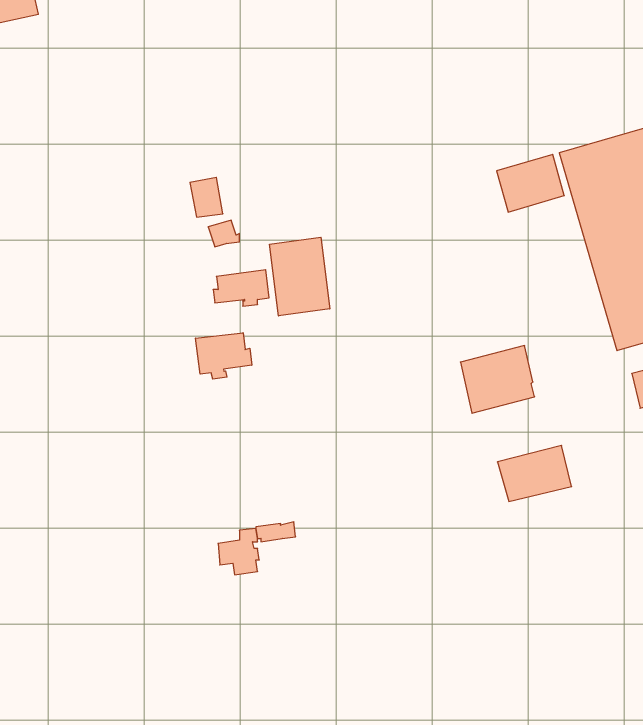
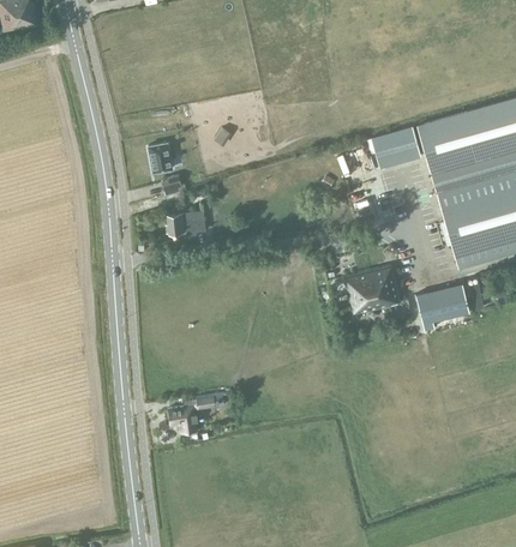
building: [270,237,330,316] -> none
building: [196,333,252,379] -> none
building: [497,445,572,501] -> [415,283,469,324]

